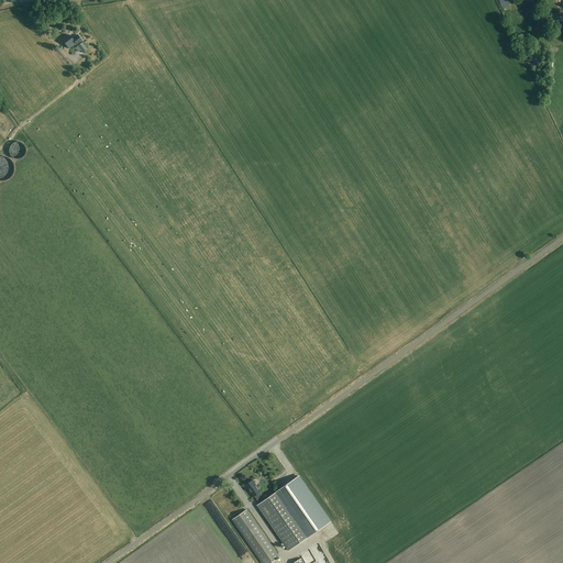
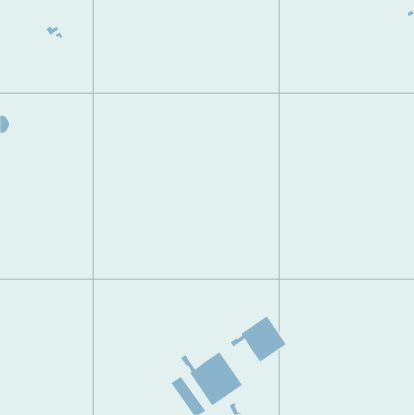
building: none -> [230,316,286,362]

